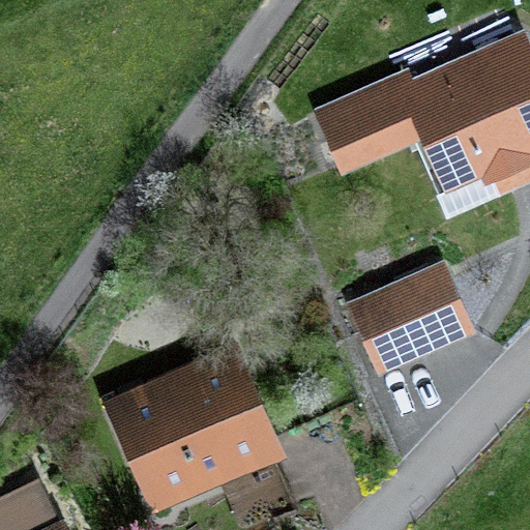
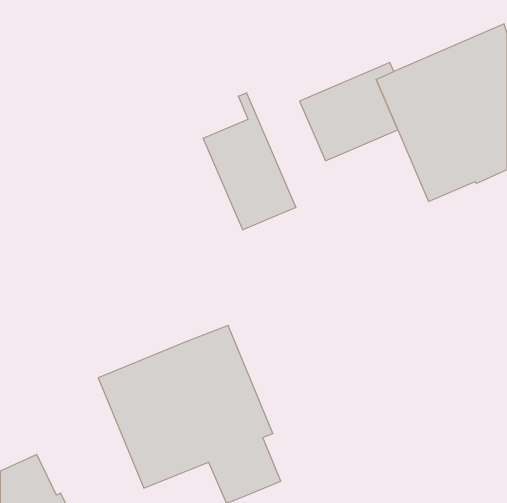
building: none -> [203,93,296,230]
building: [346,260,476,376] -> none

